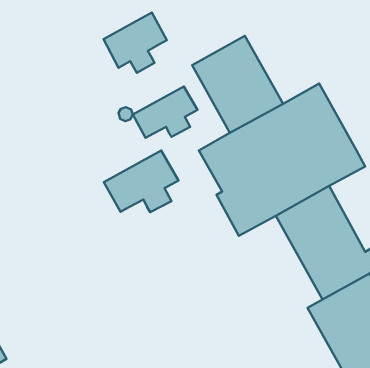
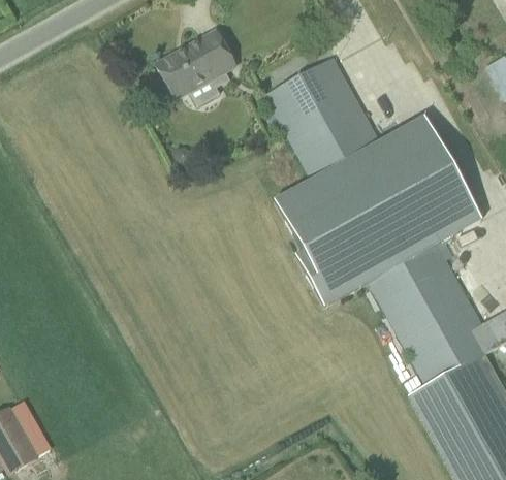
building: [133,86,197,138] -> none
building: [104,151,179,212] -> none

